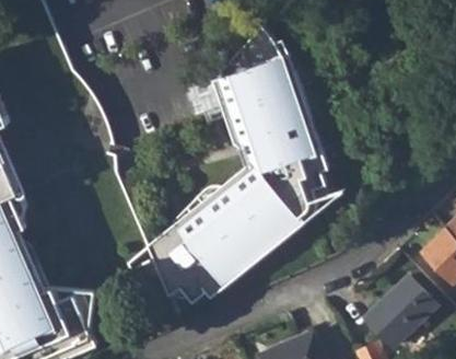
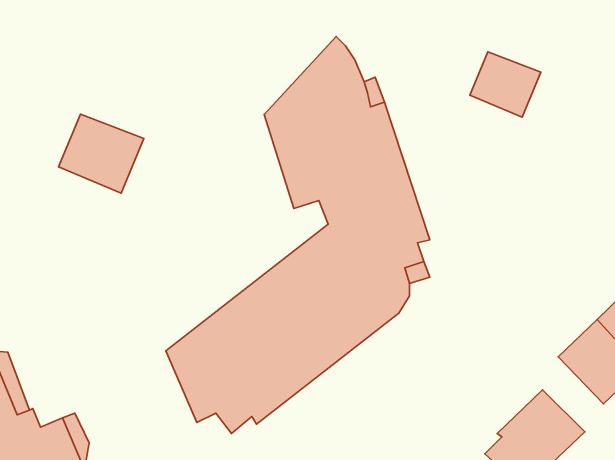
building: none -> [470,52,541,117]
building: none -> [59,114,144,193]

